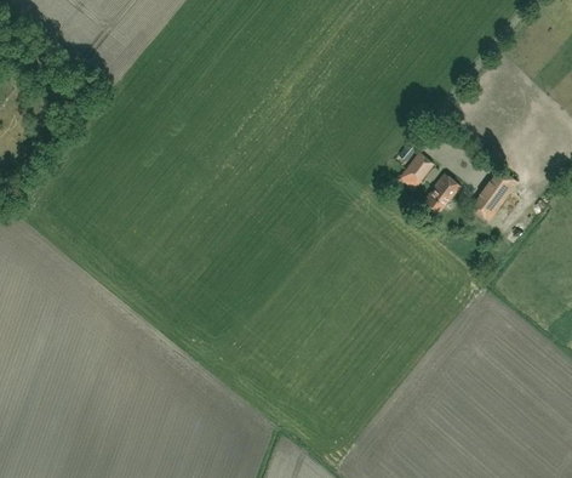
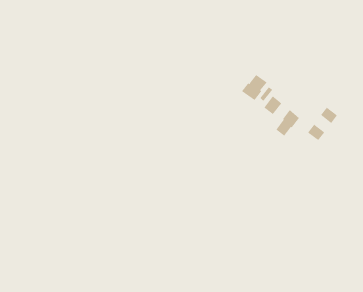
building: none -> [241,74,267,101]

